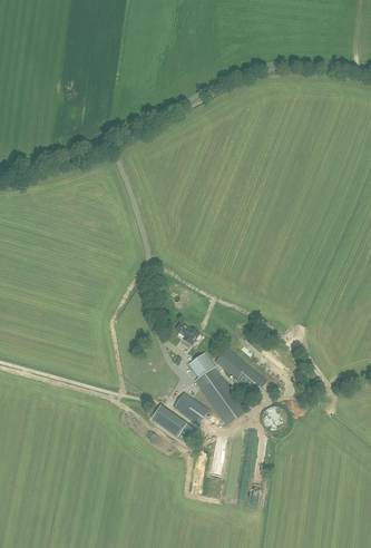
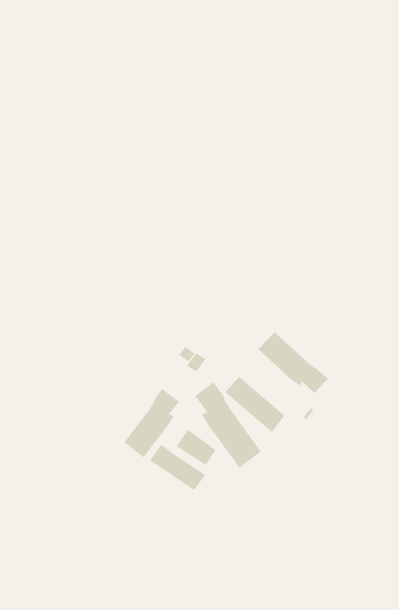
building: none -> [258,332,329,394]
building: none -> [124,388,180,458]

